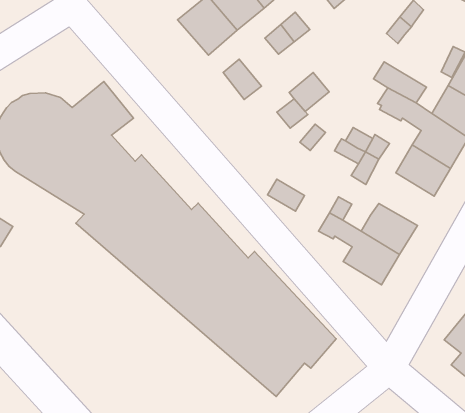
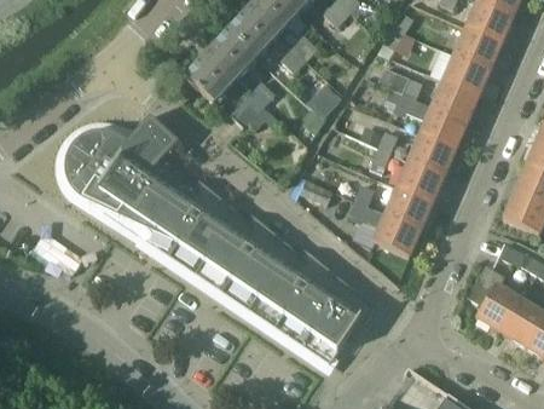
building: none -> [185,53,236,103]
building: none -> [231,93,271,128]
building: none -> [397,160,442,202]

